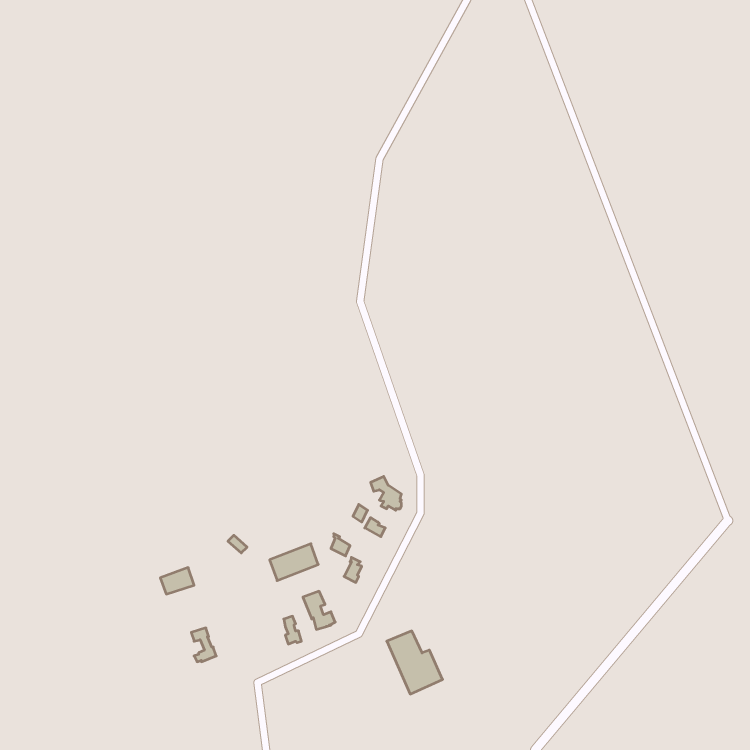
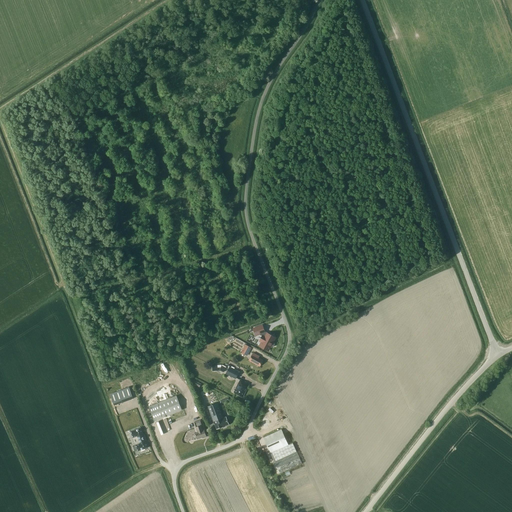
building: [270,544,318,581] -> [148,395,181,420]

